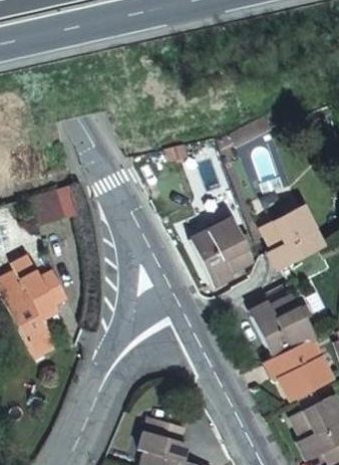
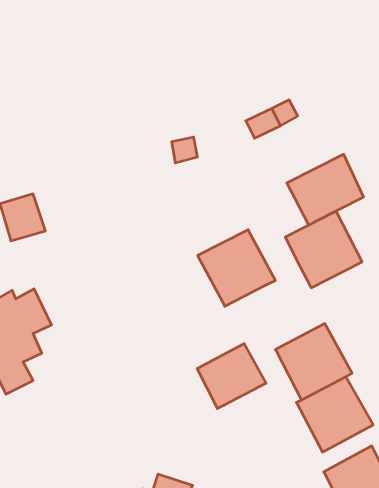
building: none -> [287,154,363,225]
building: none -> [197,344,266,409]

